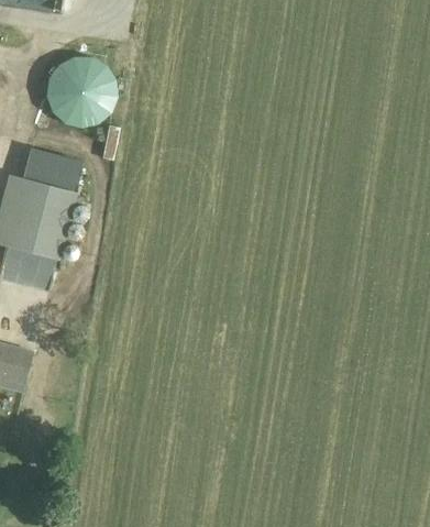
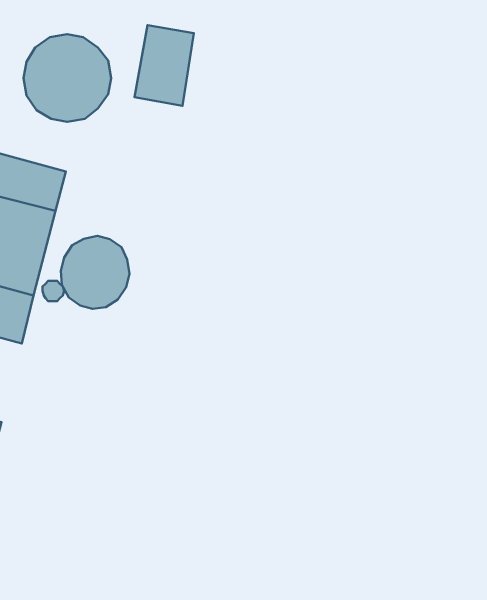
building: none -> [135,25,194,106]
building: none -> [61,236,129,309]

